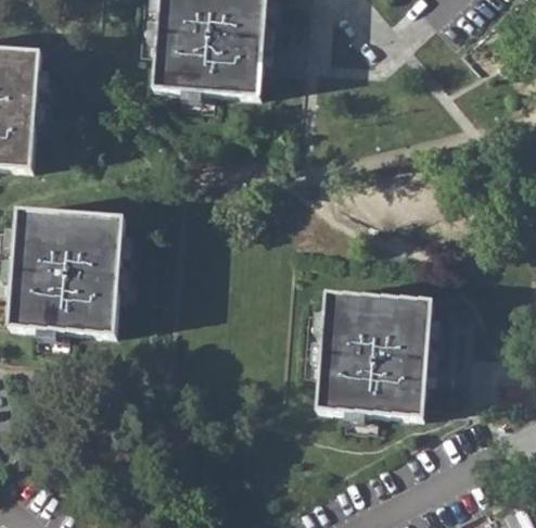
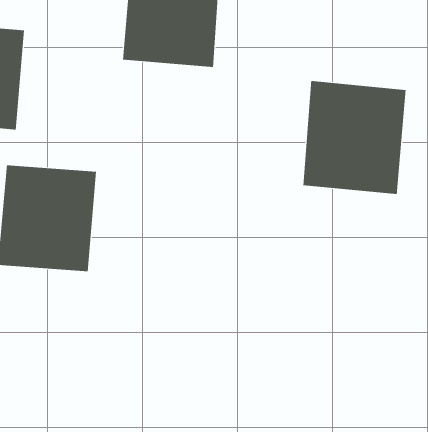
building: none -> [303,80,406,195]
building: [317,290,434,414] -> none

